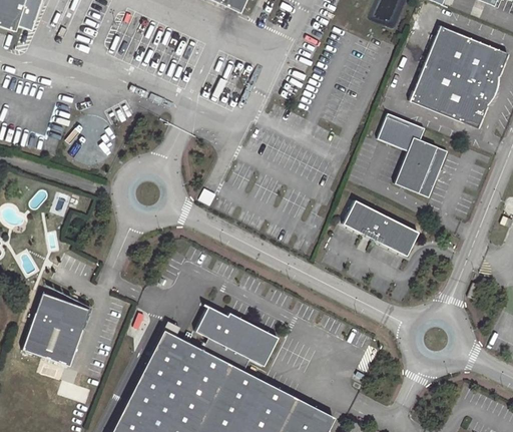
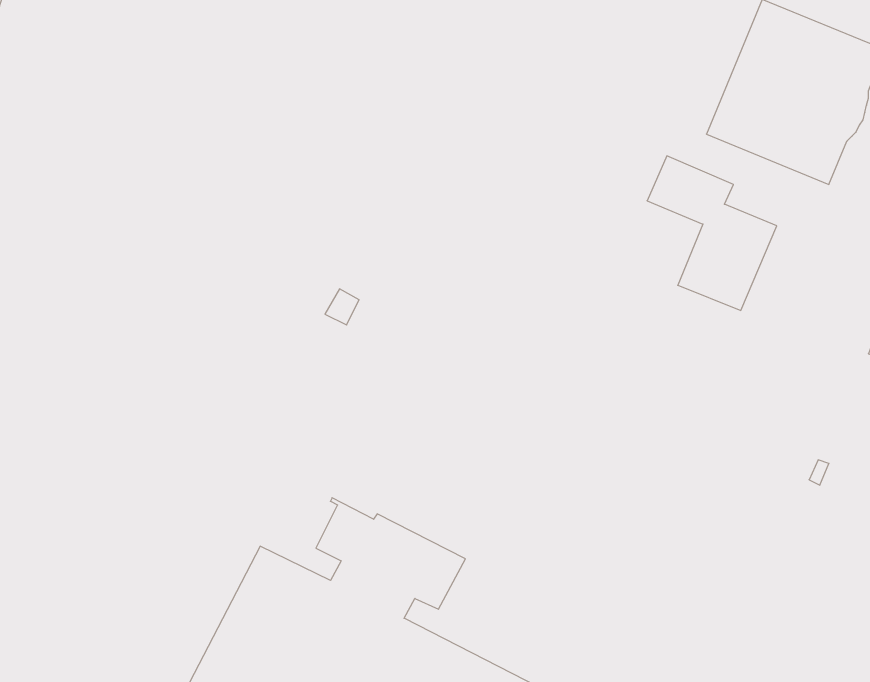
building: [343,201,418,258] -> none
building: [22,292,89,366] -> none

